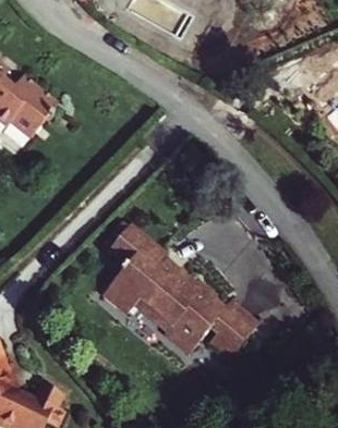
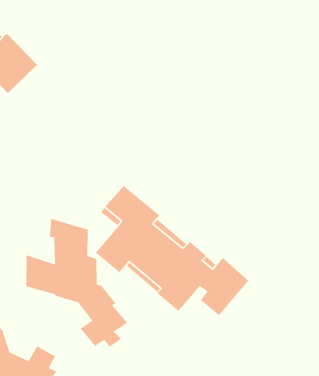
building: none -> [25,218,128,348]

